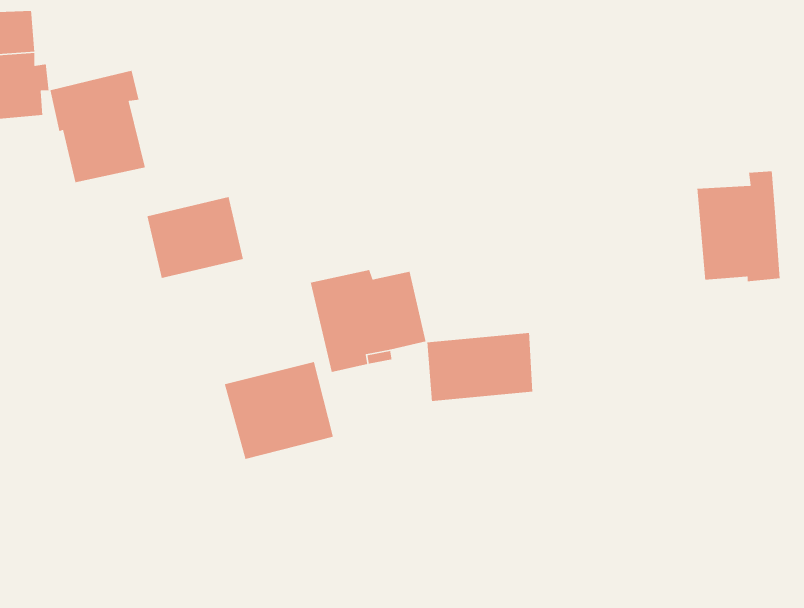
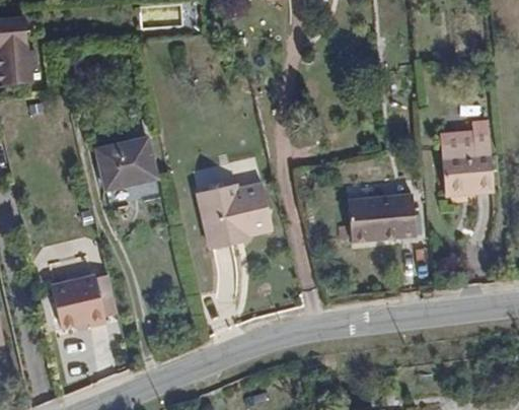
building: [49,70,146,183] -> none
building: [426,332,533,402] -> [348,195,415,238]
building: [224,361,334,460] -> [48,270,117,332]

